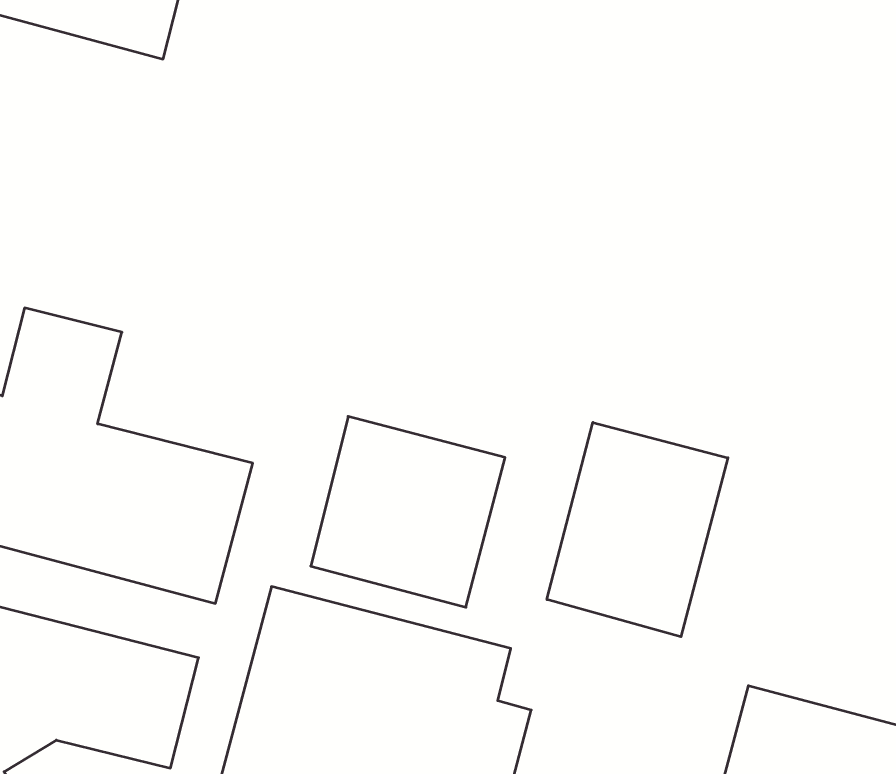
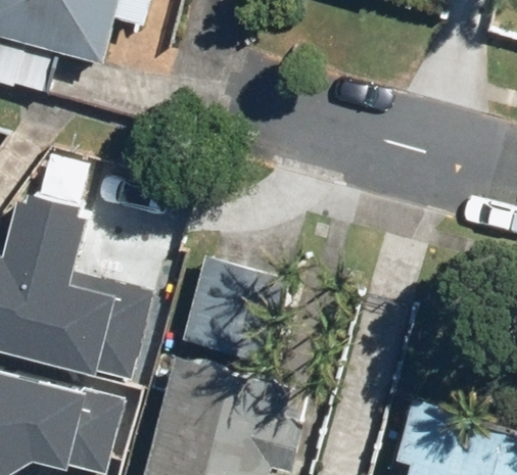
building: [547,422,728,637] -> none

